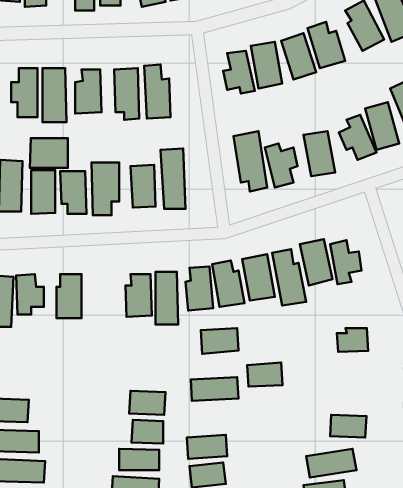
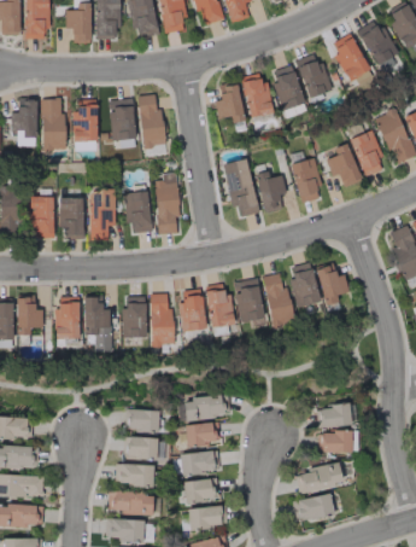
building: [30,138,68,168] -> none
building: none -> [83,297,110,351]
building: [337,328,368,352] -> [321,405,351,427]
building: [201,328,238,354] -> none
building: [247,363,282,386] -> [184,423,218,446]

